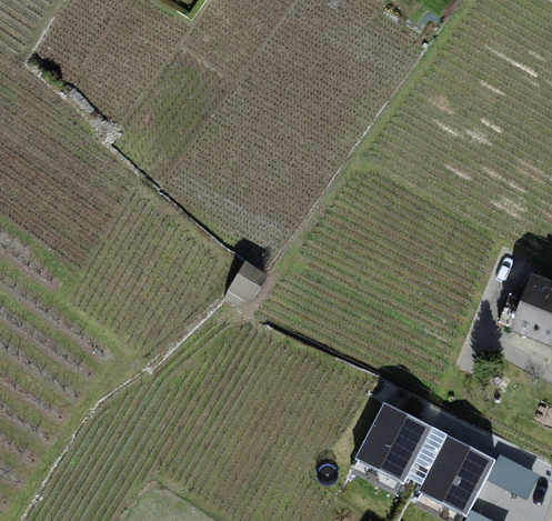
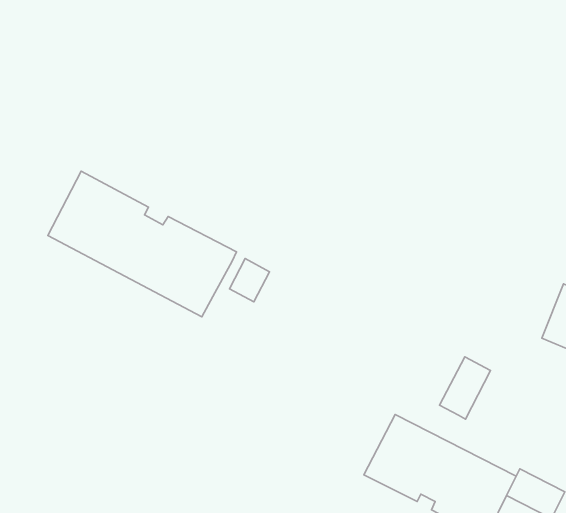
building: none -> [48,171,237,317]
building: none -> [440,357,491,419]

